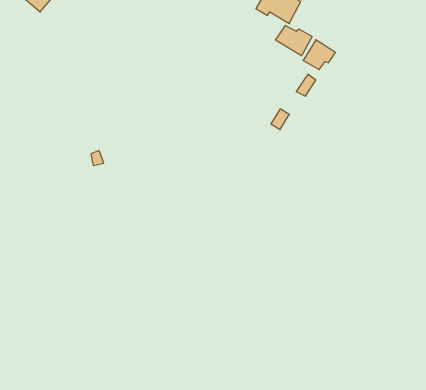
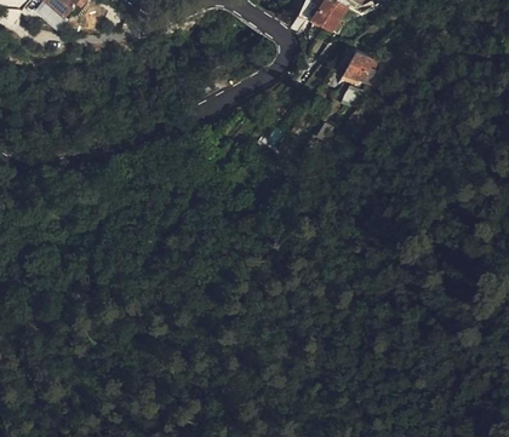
building: [276,25,312,56] -> none

